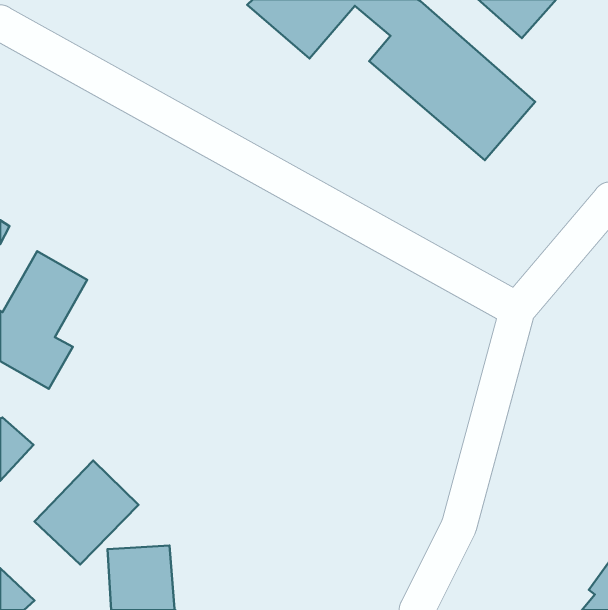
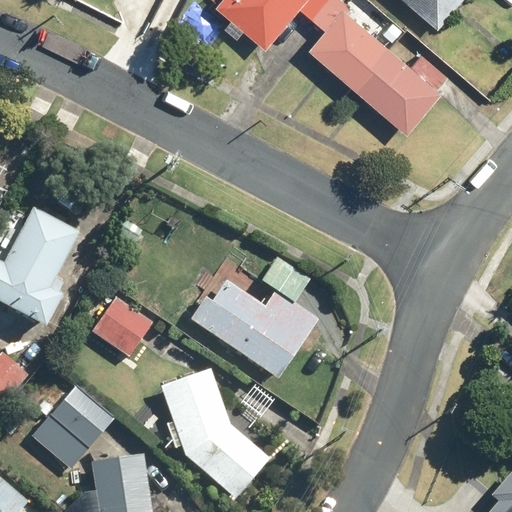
building: none -> [181,284,321,383]
building: none -> [83,289,154,357]
building: none -> [161,377,249,488]

